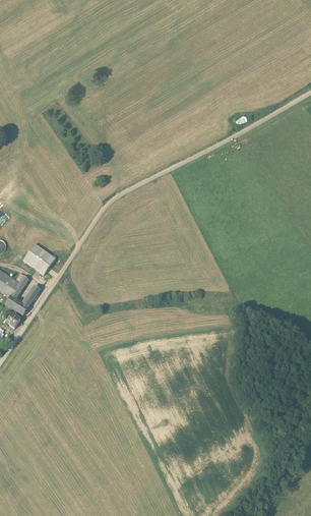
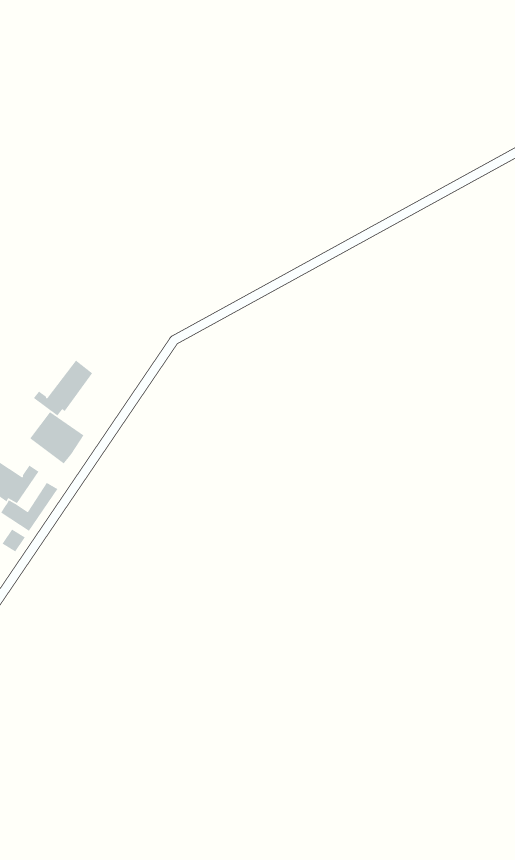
building: none -> [33,359,93,416]

